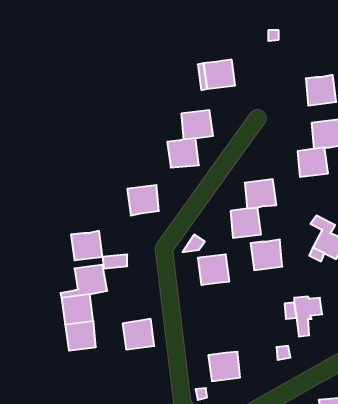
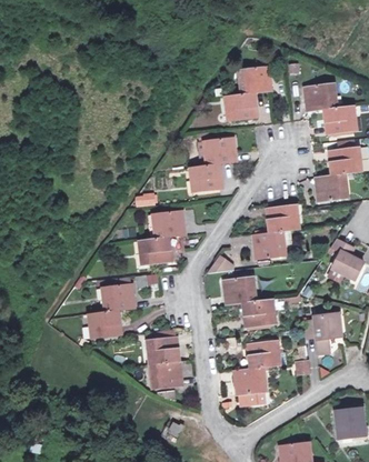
building: none -> [242,63,271,91]
building: none -> [305,81,335,110]
building: [71,231,103,260] -> [142,235,172,263]
building: [251,240,282,270] -> [242,298,272,327]
building: [65,321,96,351] -> [154,361,183,389]
building: none -> [247,340,277,368]

